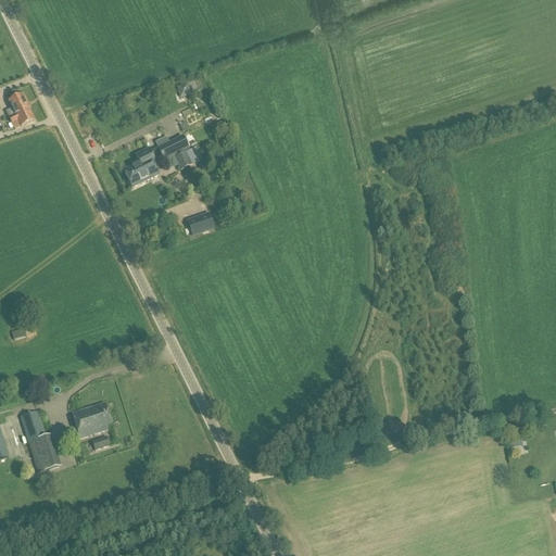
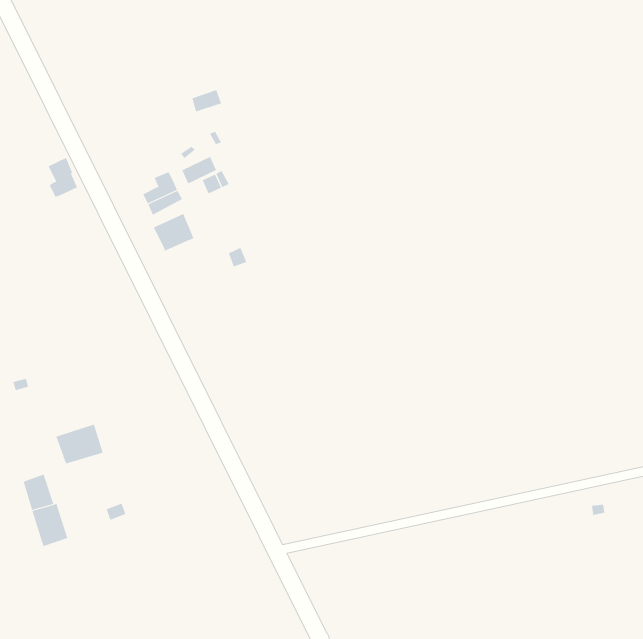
building: [7,91,33,126] -> [48,157,78,198]
building: none -> [153,213,194,252]
building: [71,401,112,435] -> [56,424,103,464]

